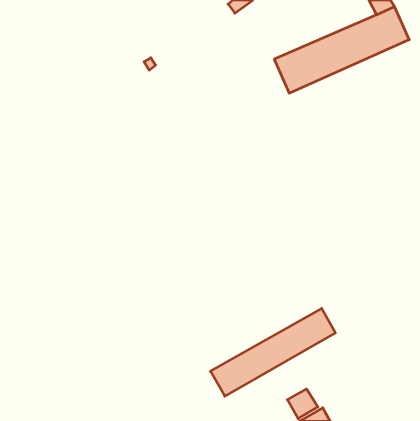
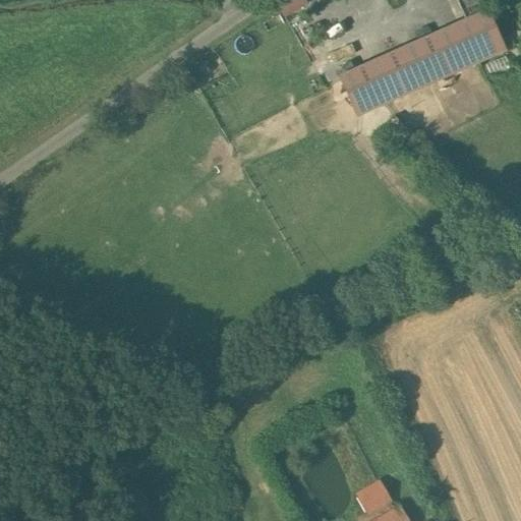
building: [210,308,335,396] -> none

